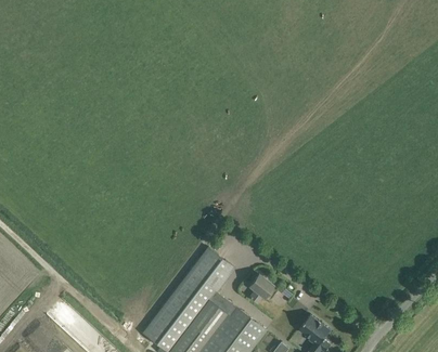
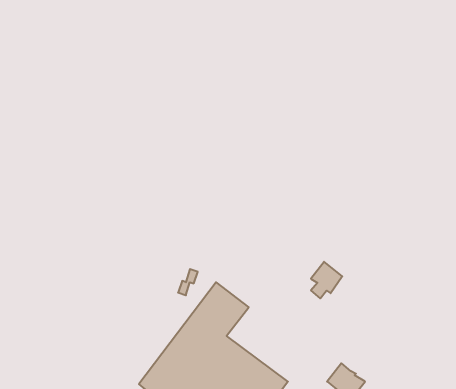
building: [248,274,274,304] -> [311,262,342,298]

